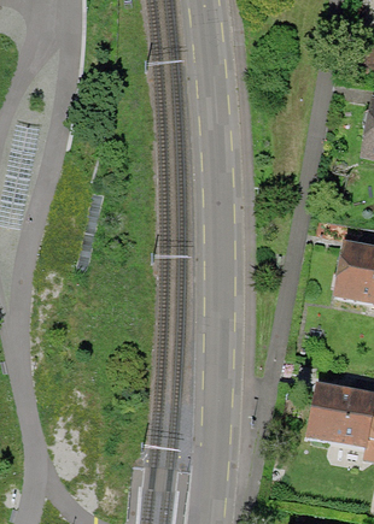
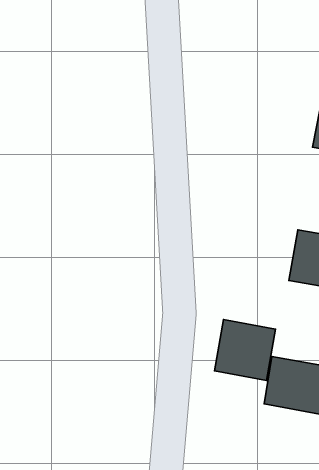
building: none -> [214,320,276,380]

